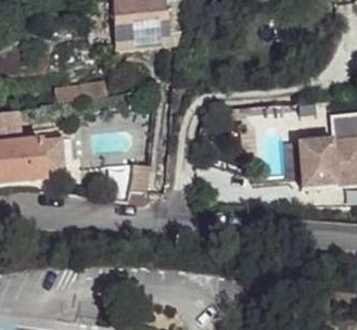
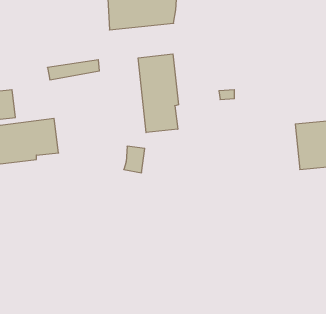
building: none -> [138,54,179,133]

